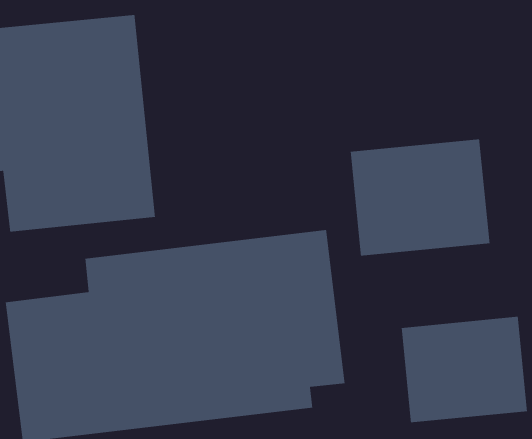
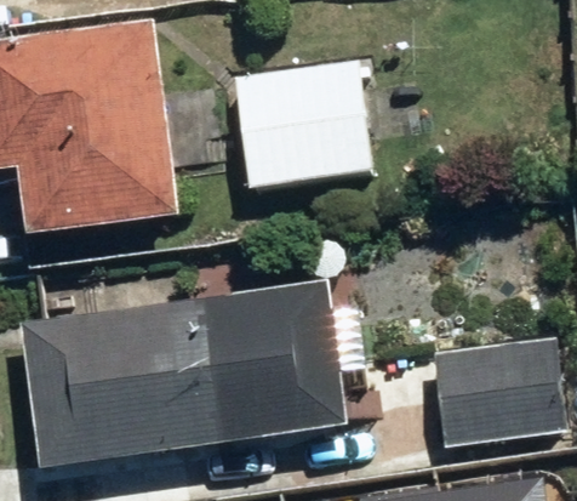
building: none -> [232,57,377,190]
building: [350,138,490,257] -> none

